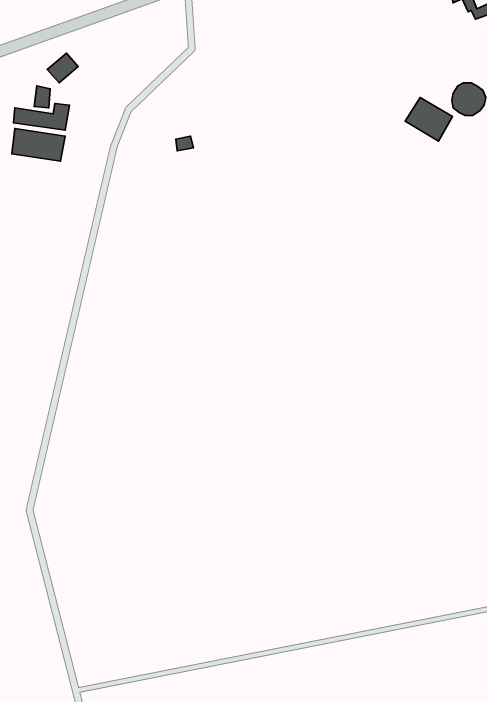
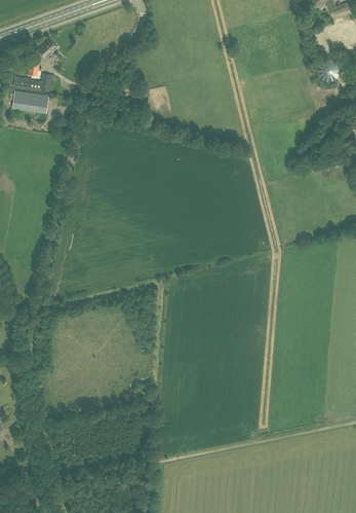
building: [405,98,453,141] -> none

